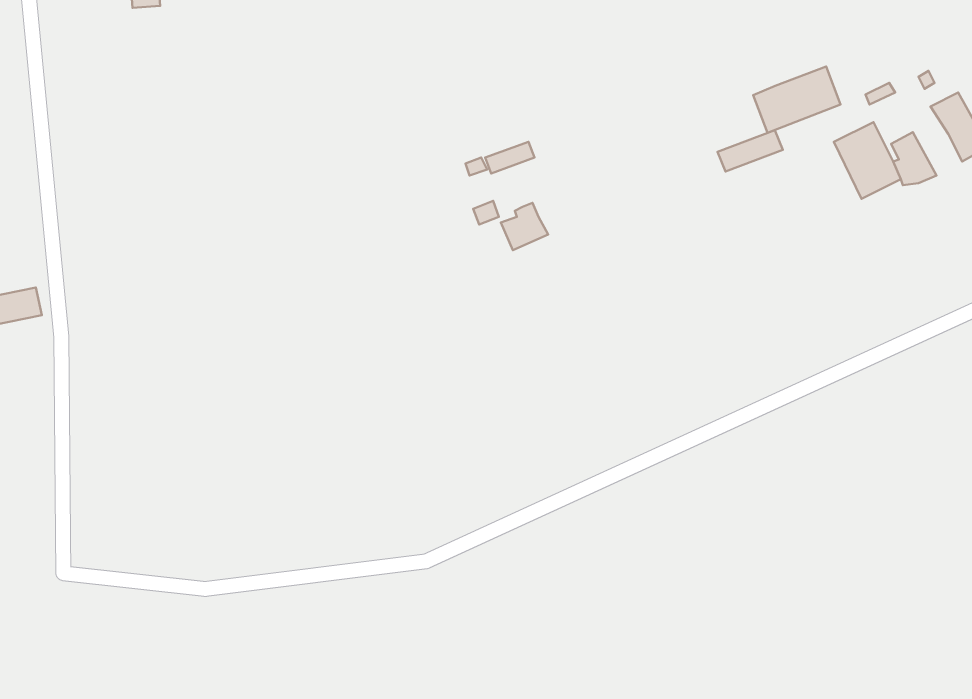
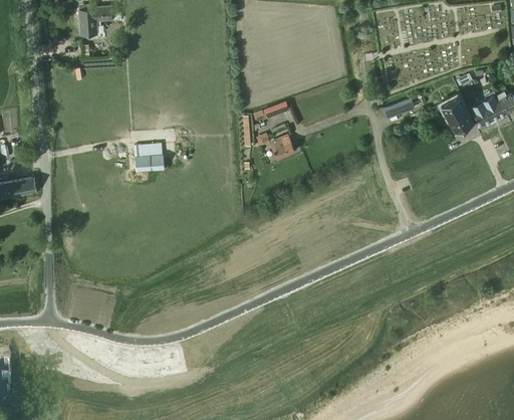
building: [753,67,840,133] -> none
building: none -> [481,92,506,121]
building: none -> [135,143,165,172]

